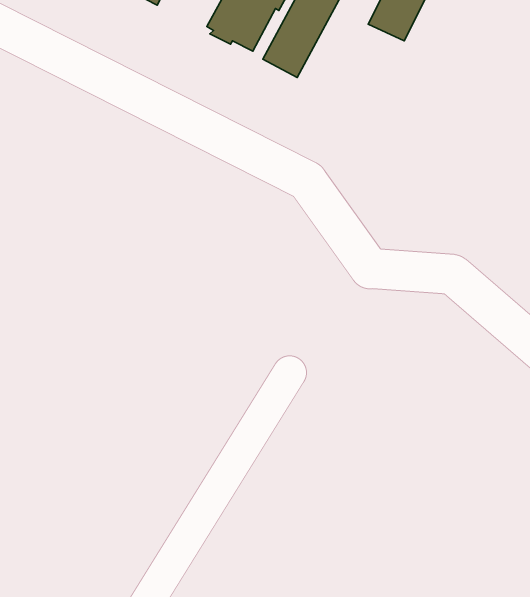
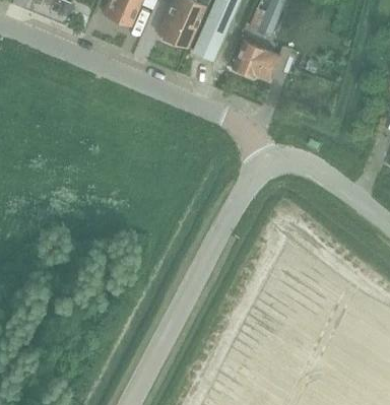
building: none -> [231,40,279,79]

